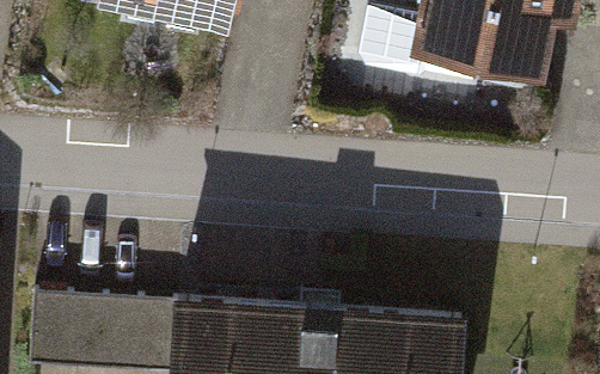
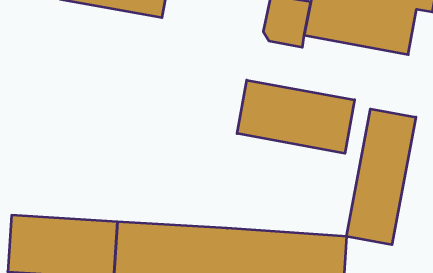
building: none -> [237,80,355,153]
building: none -> [346,109,416,245]

